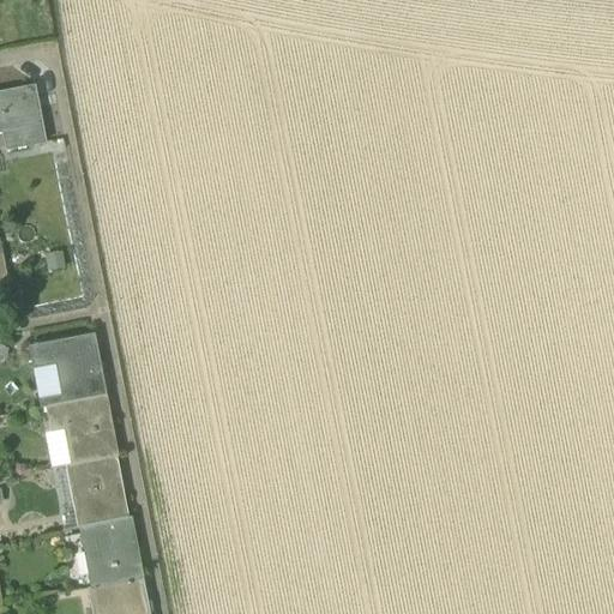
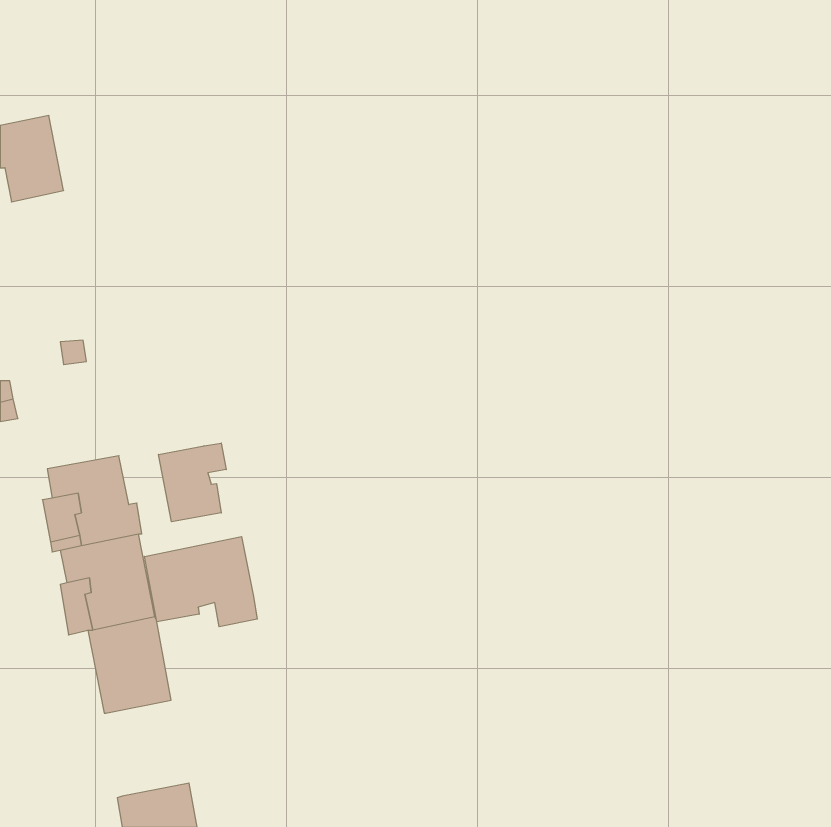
building: none -> [159,443,226,522]
building: none -> [144,537,257,627]
building: [79,516,140,586] -> none

